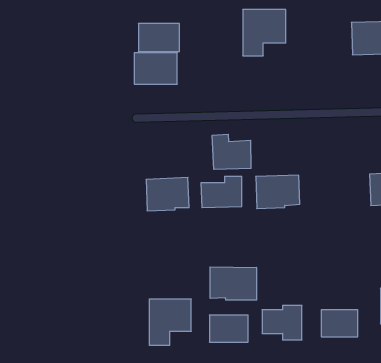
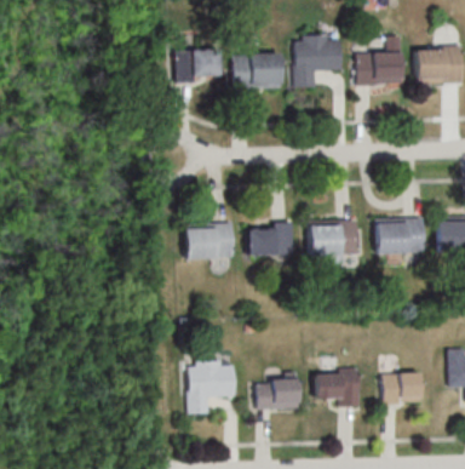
building: none -> [356,53,401,87]
building: [134,53,177,84] -> [232,52,281,87]
building: [212,134,251,169] -> none
building: none -> [375,218,424,257]
building: [210,267,257,300] -> none

